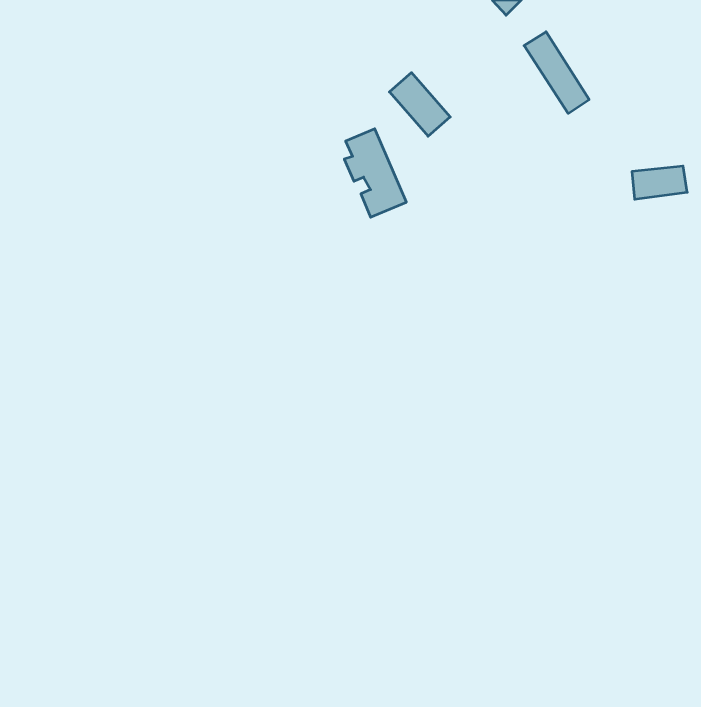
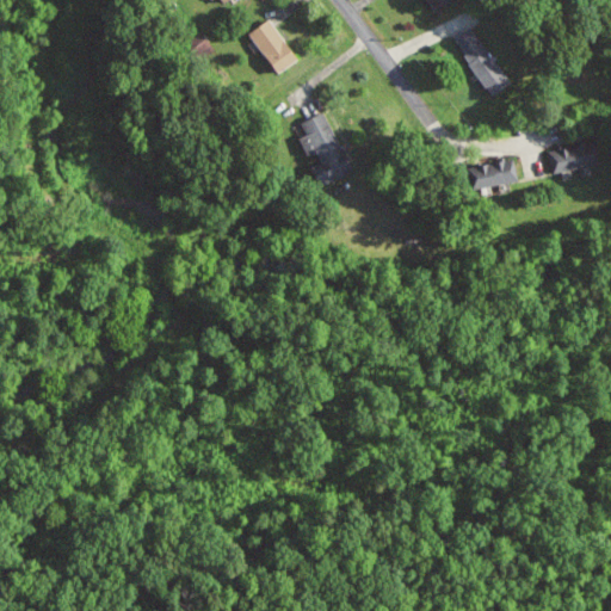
building: [389,73,450,136] -> [246,19,298,74]
building: none -> [473,158,518,189]

